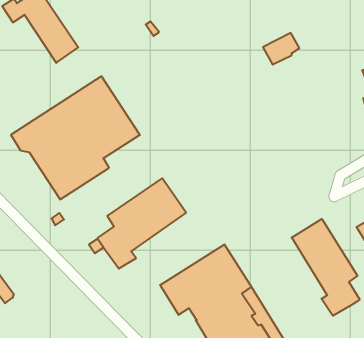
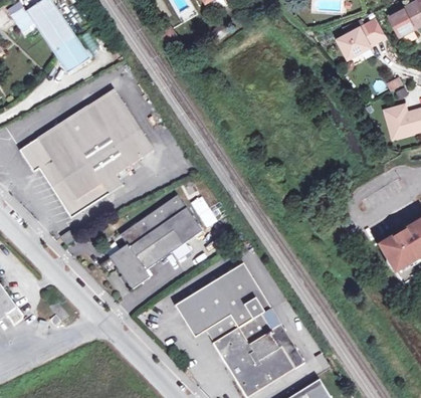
building: [263,33,299,65] -> [340,23,378,56]
building: [292,219,359,316] -> none

